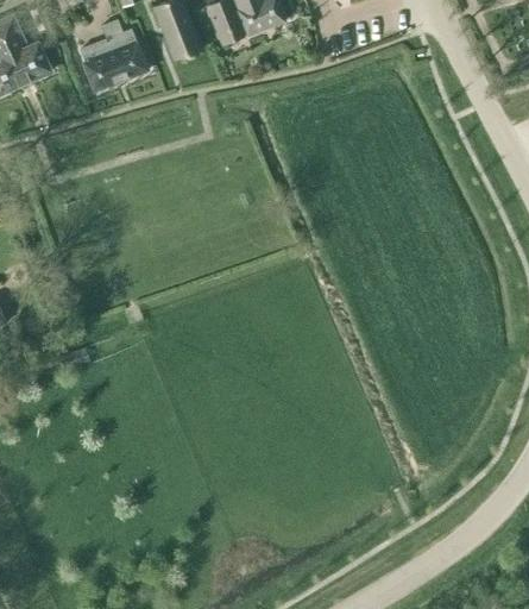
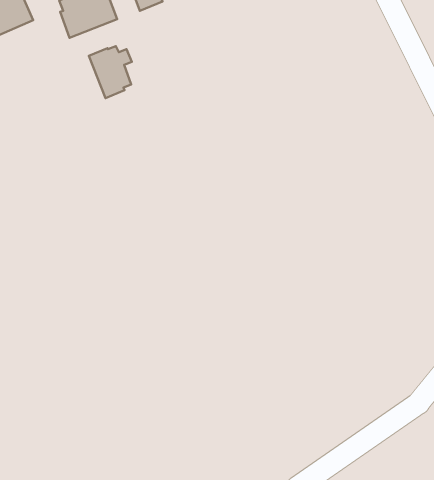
building: none -> [89,46,132,98]

